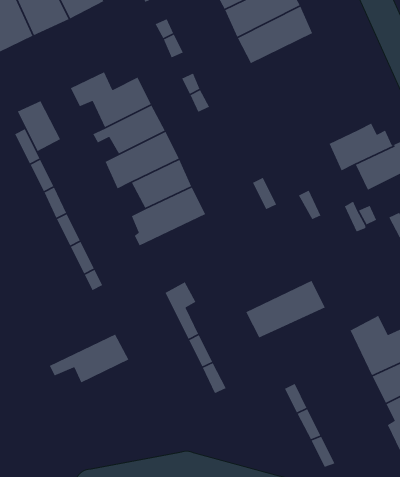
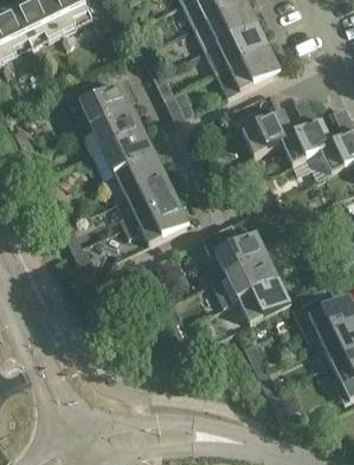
building: none -> [217,46,282,97]
building: [17,100,61,152] -> none
building: none -> [243,111,308,154]
building: none -> [201,224,269,283]
building: none -> [239,279,291,322]
building: [49,333,129,384] -> [122,200,191,243]

